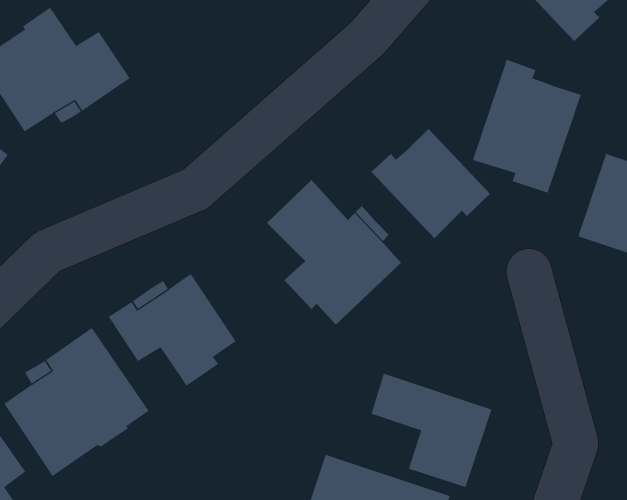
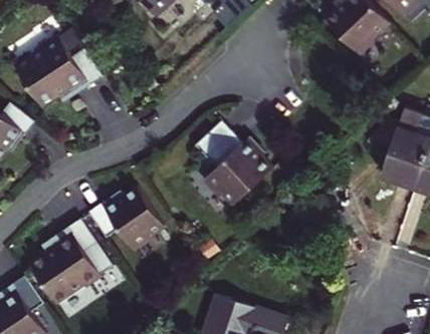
building: [472,59,581,194] -> none
building: [370,128,491,239] -> none
building: [371,373,492,488] -> none

